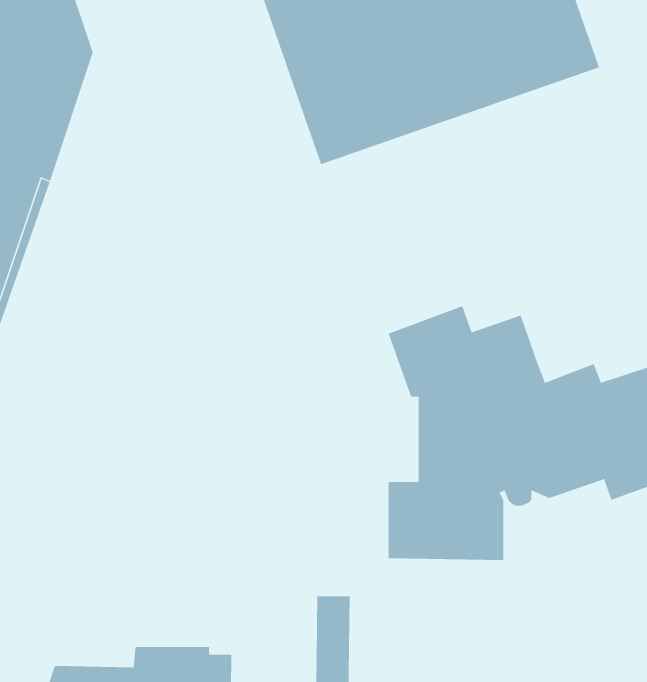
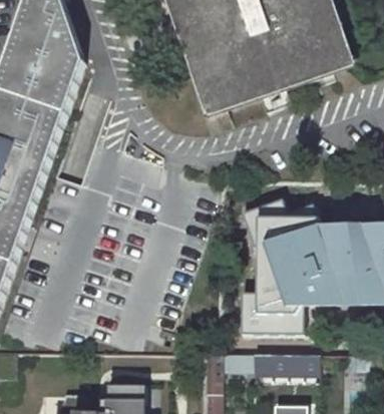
building: none -> [251,351,317,380]

